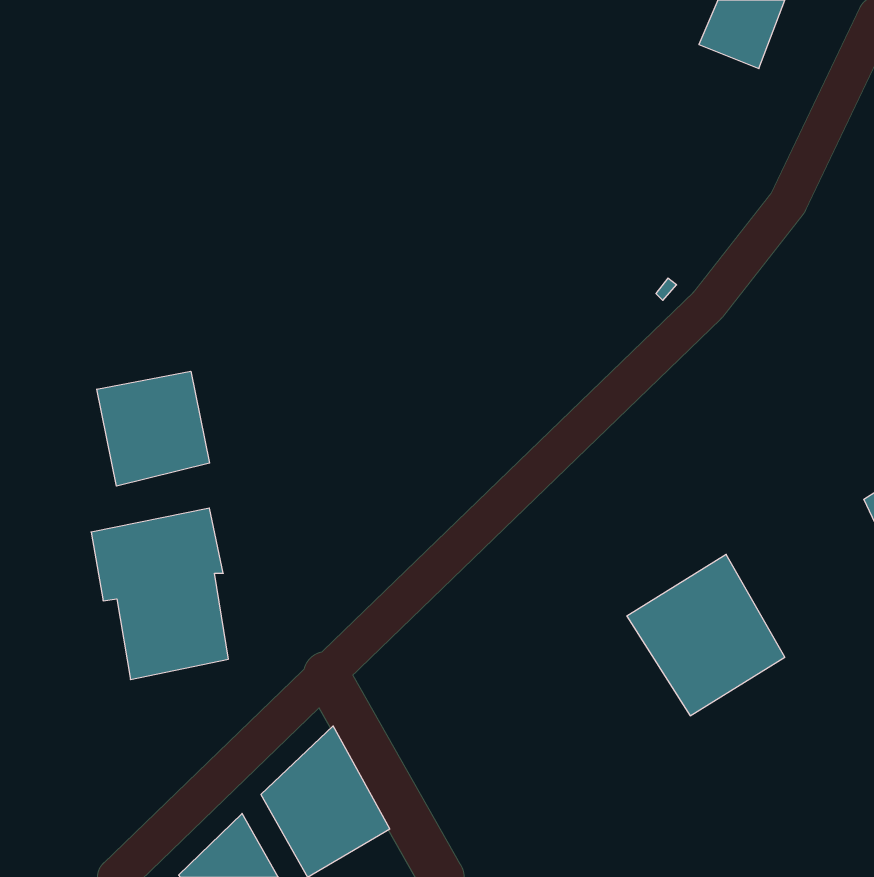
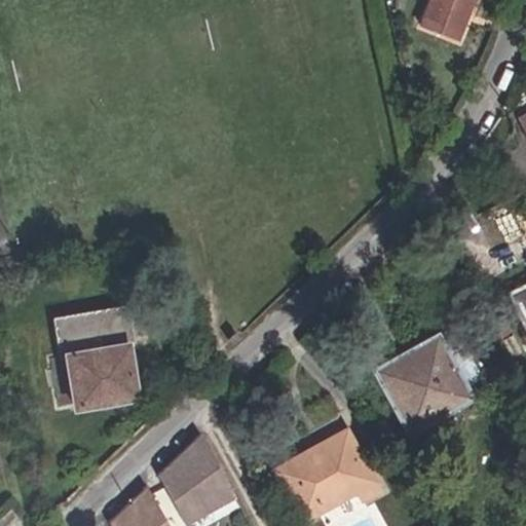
building: [97,371,210,486] -> none
building: none -> [274,429,379,518]

